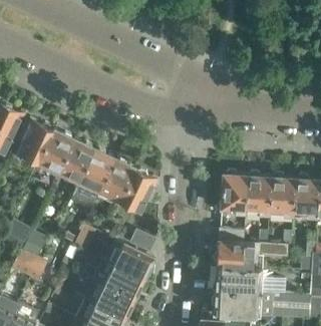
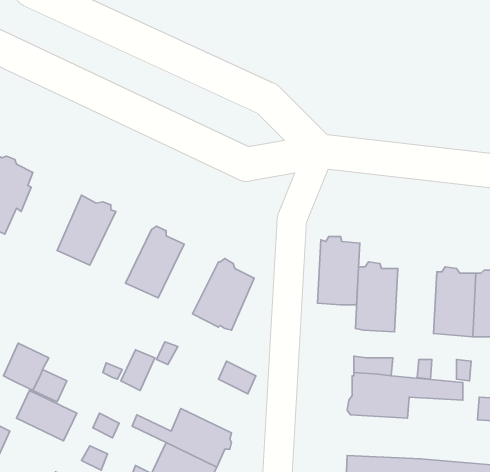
building: [14,121,51,165] -> none
building: [56,140,94,185] -> none
building: [98,160,135,204] -> none
building: [244,174,270,216] -> [318,237,360,305]
building: [112,239,153,277] -> none
building: [215,266,261,293] -> none

